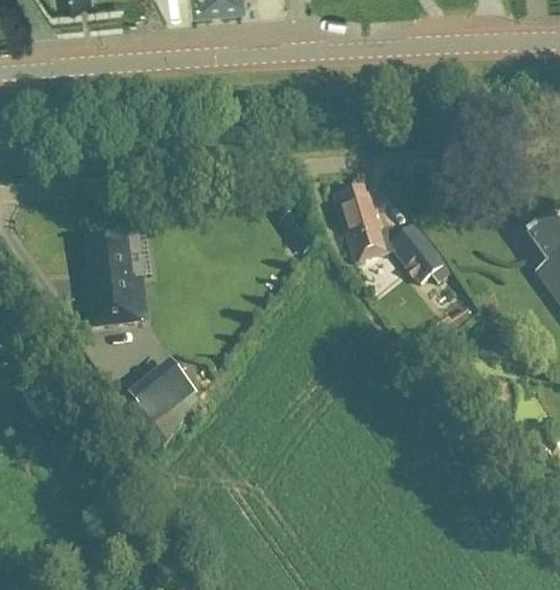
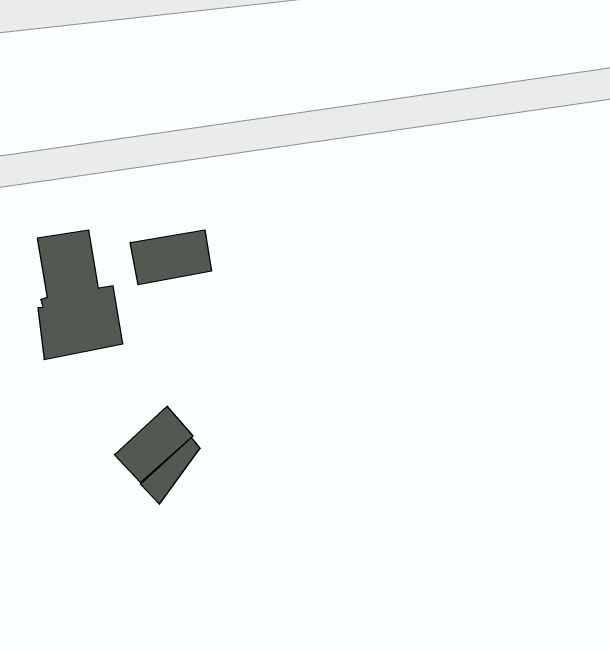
building: [336,185,451,280] -> none
building: none -> [130,230,212,285]

